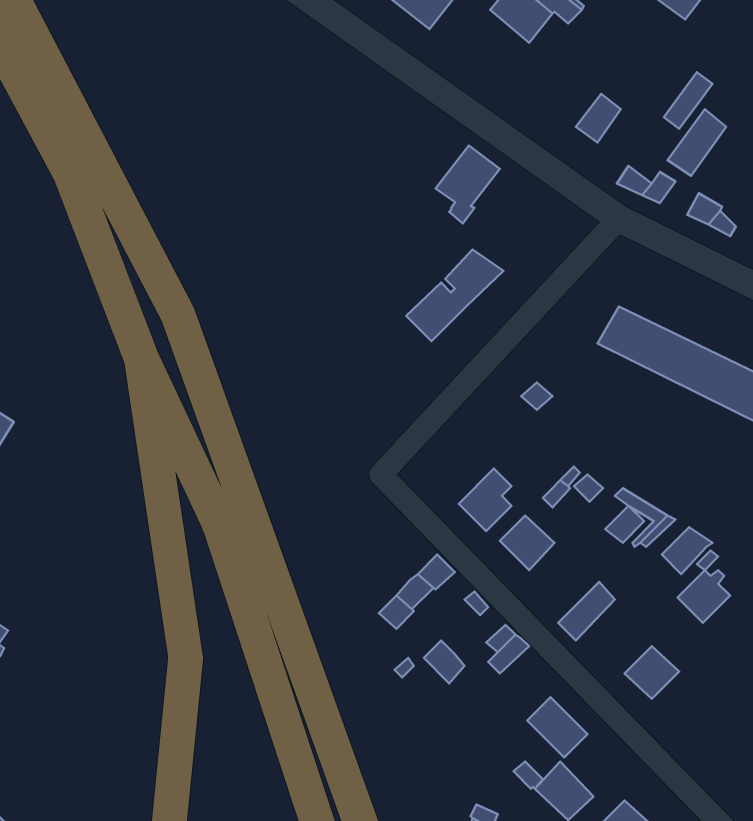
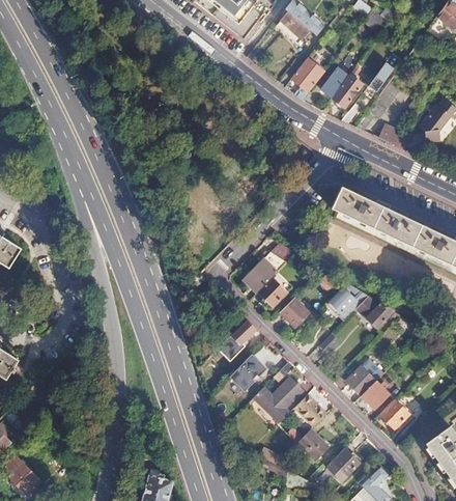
building: none -> [332,66,362,110]
building: [436,145,500,224] -> [288,60,322,102]
building: [406,249,504,341] -> [245,243,296,291]
building: [677,570,730,623] -> [361,381,389,409]
building: none -> [253,377,303,422]
building: none -> [379,399,408,428]

